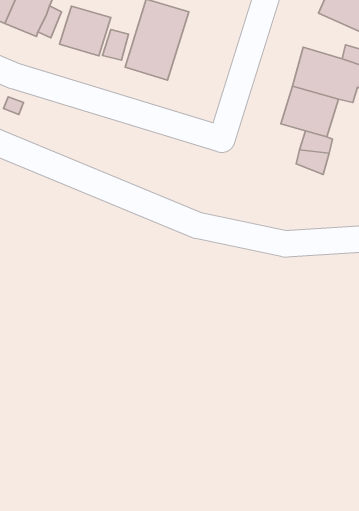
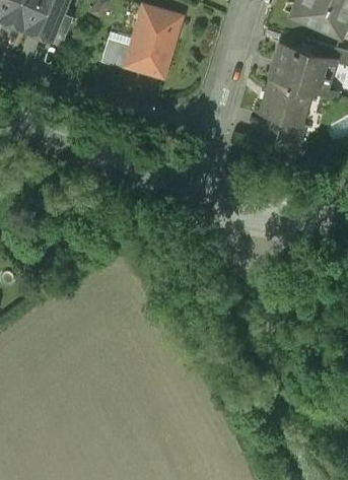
building: [59,6,111,56] -> none

